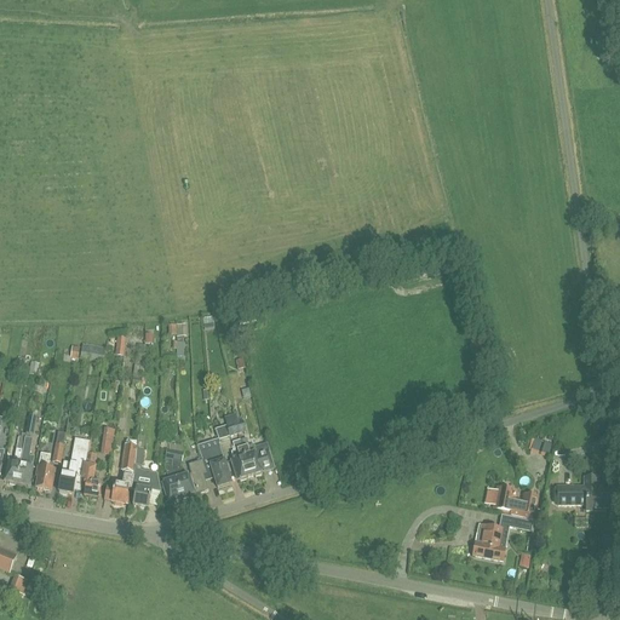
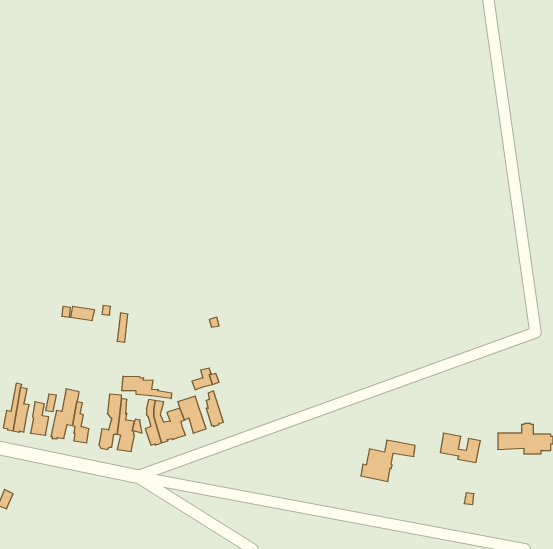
building: none -> [122,376,171,399]
building: [239,436,271,472] -> none
building: [471,512,532,558] -> [361,440,415,481]

